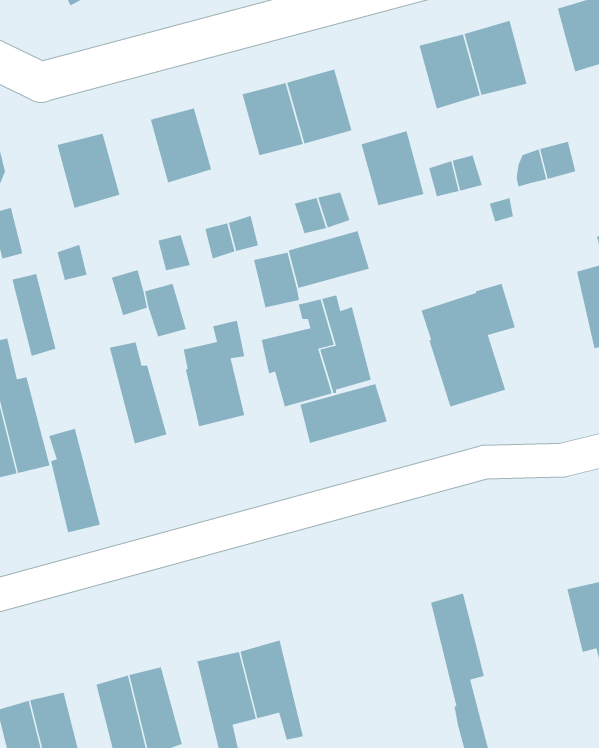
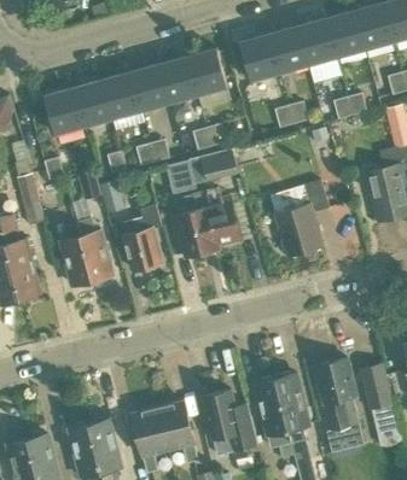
building: none -> [326,11,366,58]
building: none -> [130,64,170,111]
building: none -> [74,80,114,127]
building: [360,130,425,206] -> [240,34,280,81]
building: [299,383,388,444] -> none
building: [48,428,101,533] -> [60,221,93,286]
building: none -> [315,359,365,453]
building: none -> [255,379,293,458]
building: none -> [203,391,258,456]

